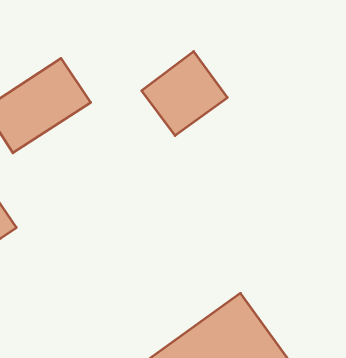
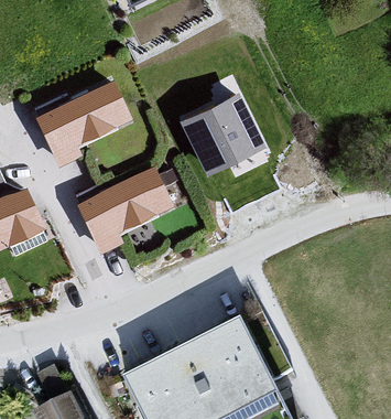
building: none -> [74,162,172,244]

